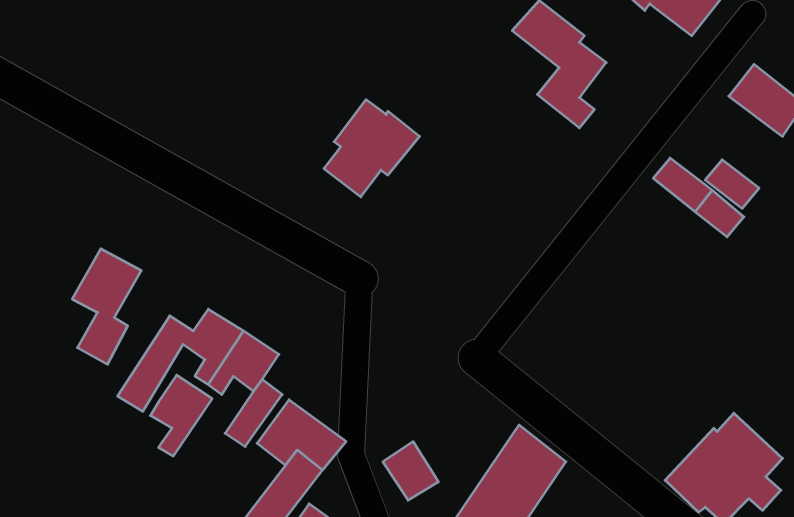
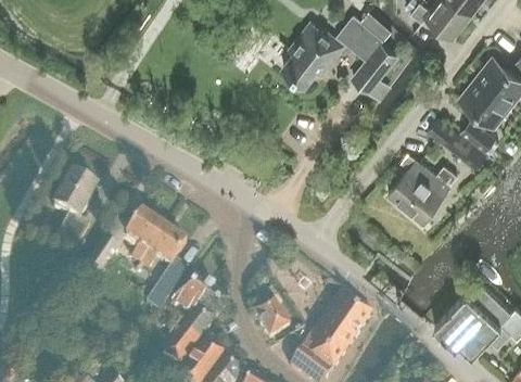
building: none -> [461,78,511,125]
building: [324,100,420,197] -> [283,22,345,85]
building: none -> [389,154,457,220]
building: [150,375,212,456] -> none

